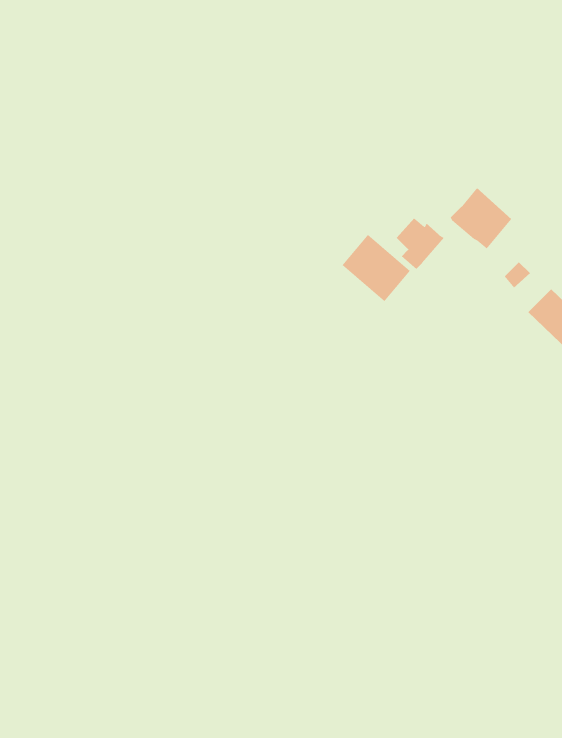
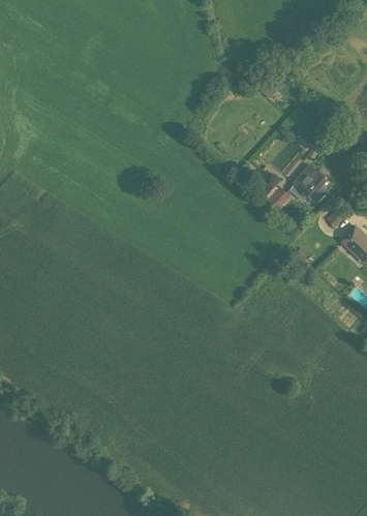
building: [342,234,411,302] -> none

